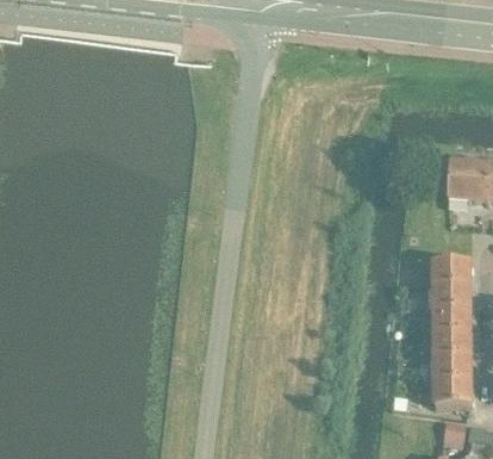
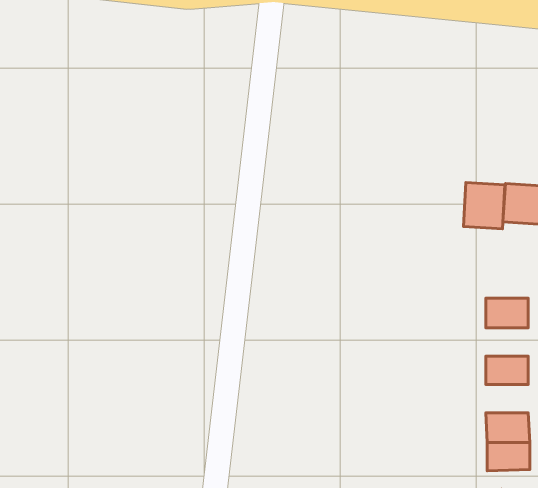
building: none -> [464,183,505,229]
building: [433,285,469,309] -> none
building: [433,333,469,356] -> none

